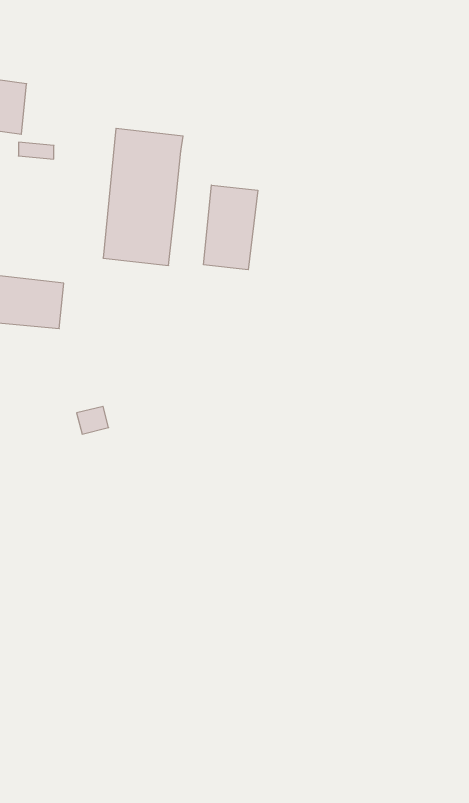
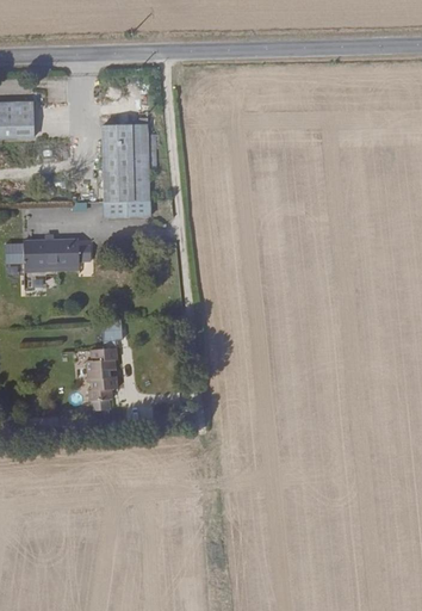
building: [204,185,258,270] -> none
building: none -> [86,346,118,400]

